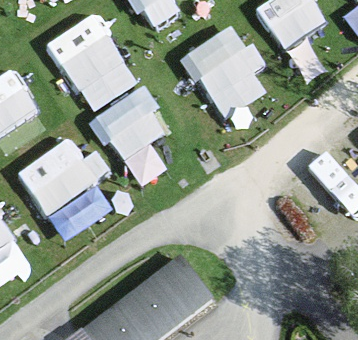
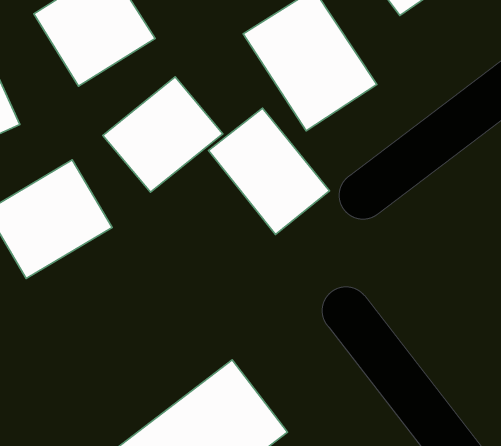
building: none -> [208,108,330,235]

